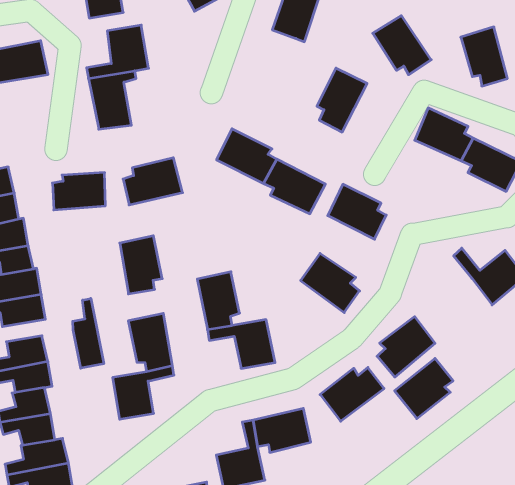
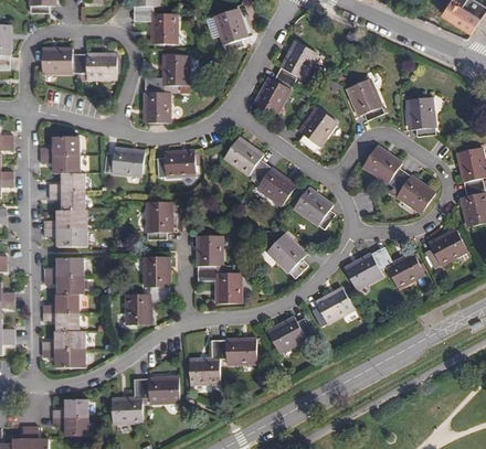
building: none -> [255,72,294,114]
building: [73,298,104,368] -> none
building: [395,358,453,419] -> [346,250,388,290]

